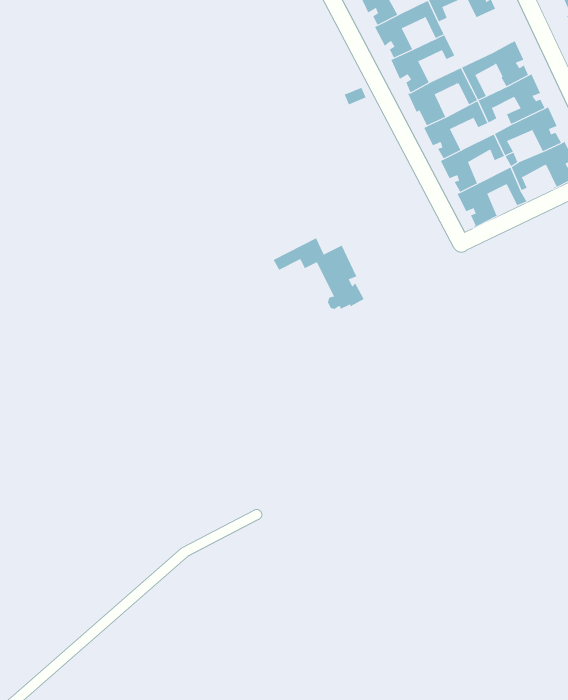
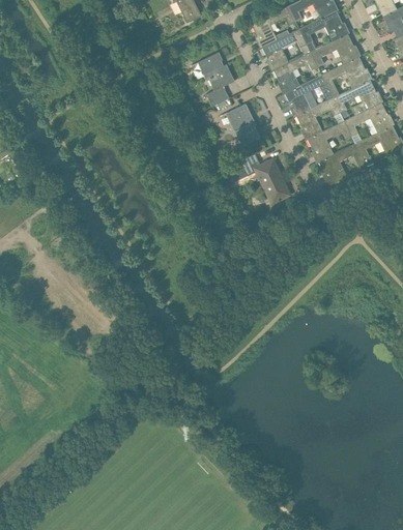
building: none -> [311,33,357,66]
building: none -> [199,52,235,107]
building: none -> [228,104,261,146]
building: [273,237,365,310] -> [226,153,289,203]

